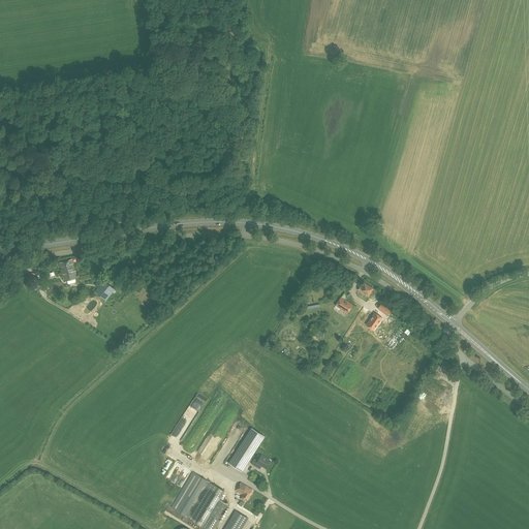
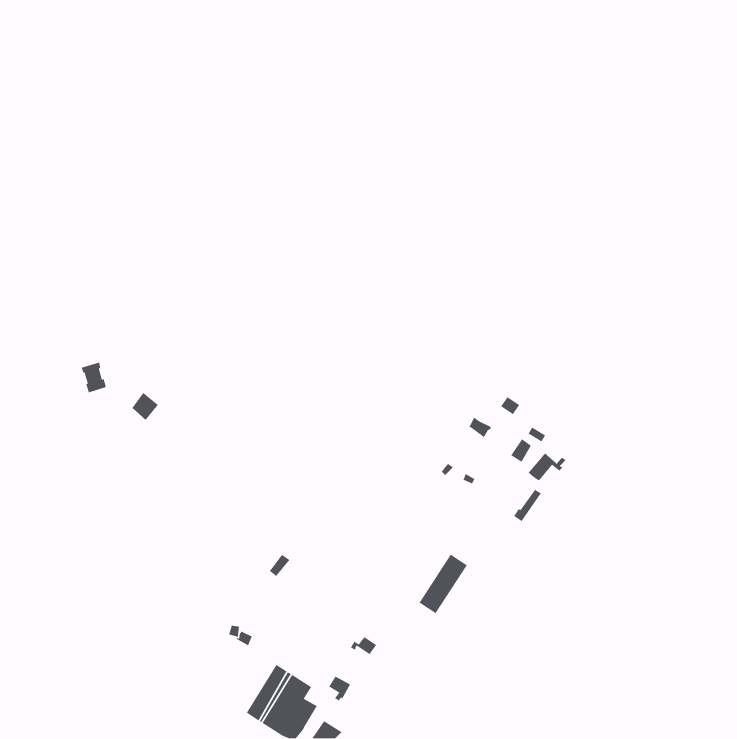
building: [228,428,263,471] -> [419,554,468,614]

